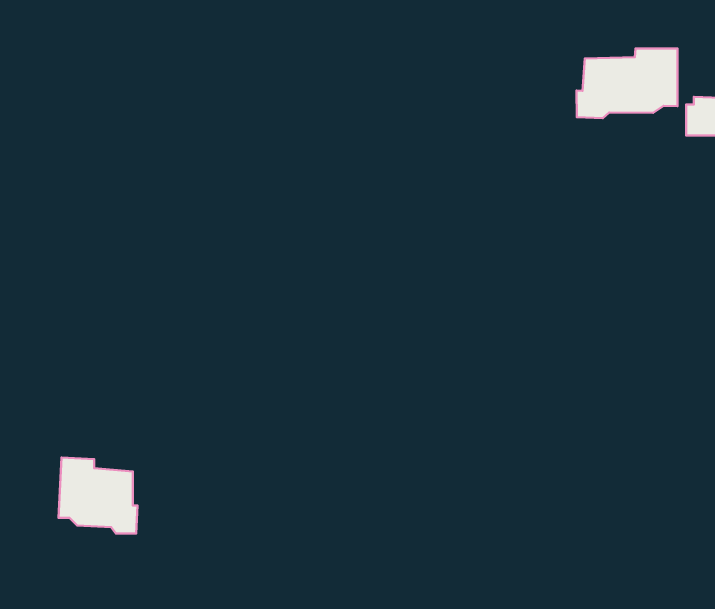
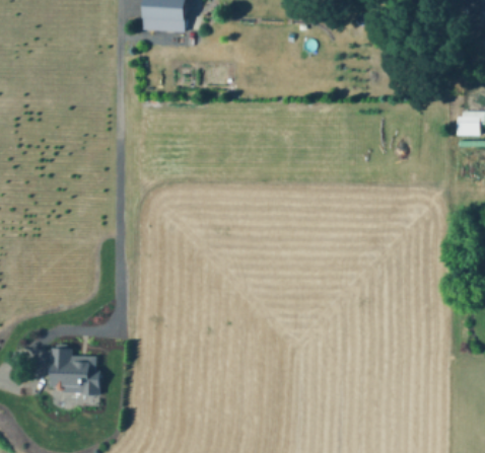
building: [577,48,678,118] -> none

